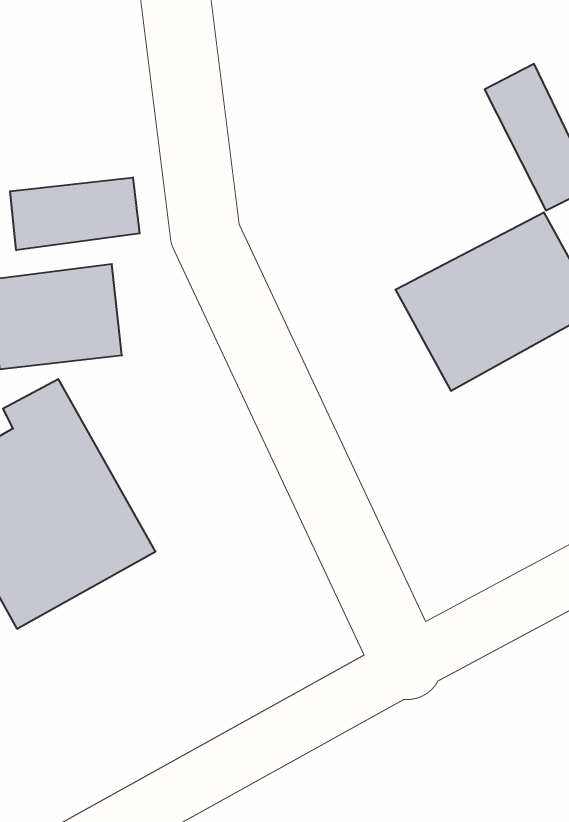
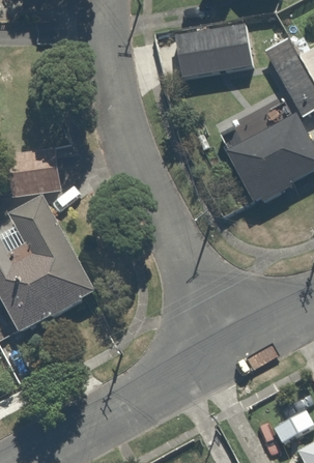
building: none -> [175,25,254,80]
building: [10,177,140,250] -> none

